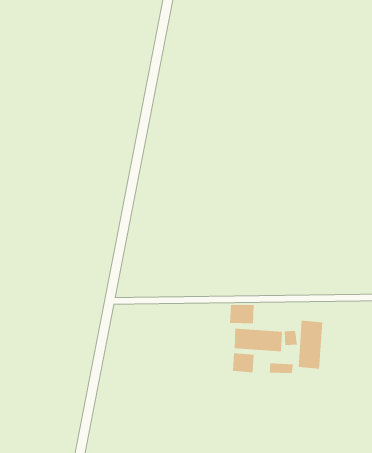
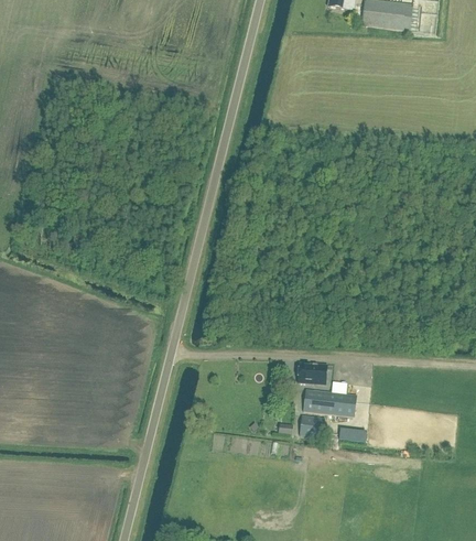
building: [298,320,323,370] -> none

